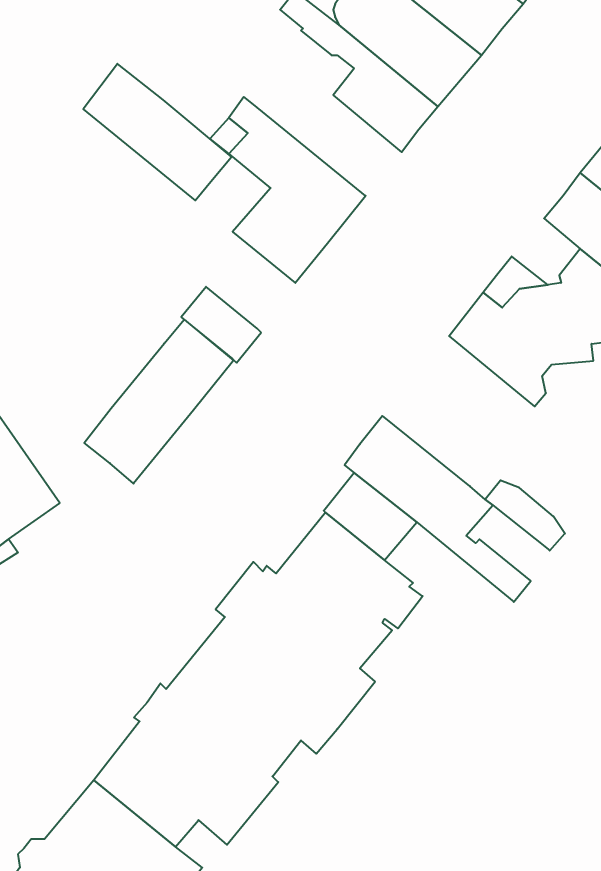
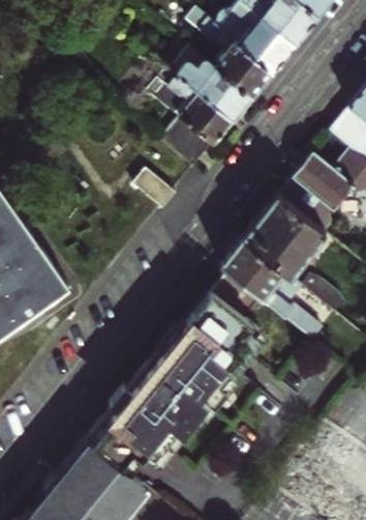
building: [83,64,231,200] -> [172,45,252,119]
building: [84,320,234,484] -> none
building: none -> [242,196,325,278]

